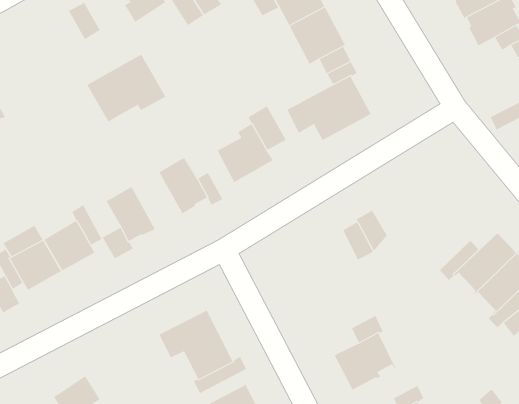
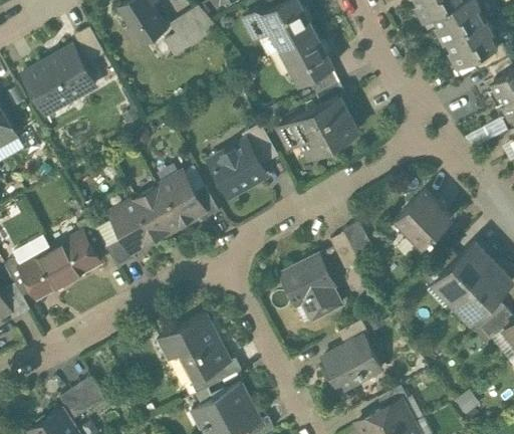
building: [87,54,166,128] -> [21,46,95,116]
building: none -> [133,187,180,240]
building: none -> [395,191,450,247]
building: none -> [279,255,339,320]

